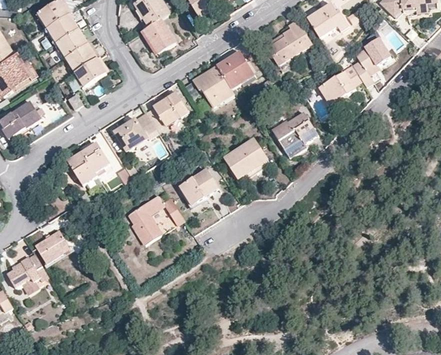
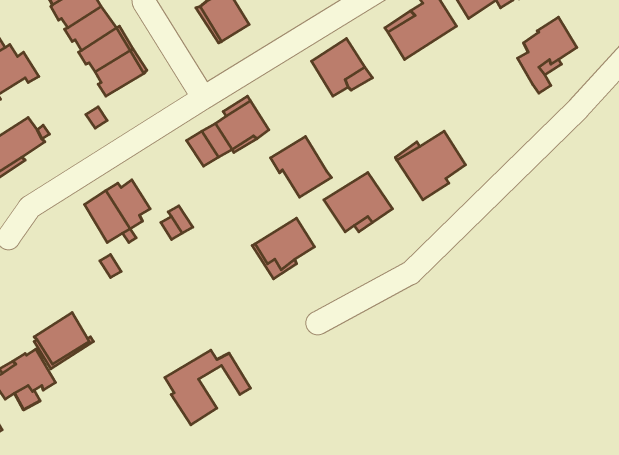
building: [318,63,361,108] -> none
building: [193,65,233,105] -> [270,136,331,197]
building: [113,117,147,150] -> none
building: [127,194,183,243] -> [165,350,250,425]

